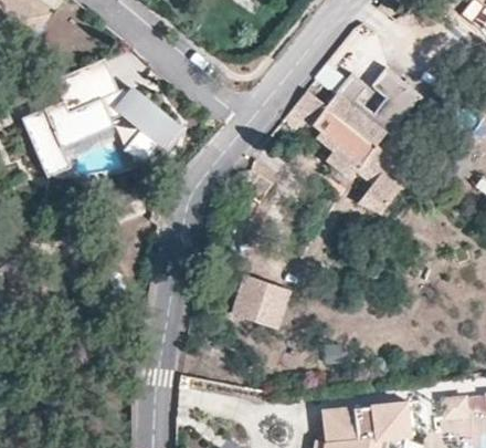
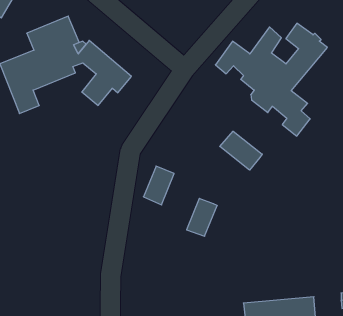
building: none -> [220,131,262,170]
building: [231,273,268,321] -> [143,166,174,205]

